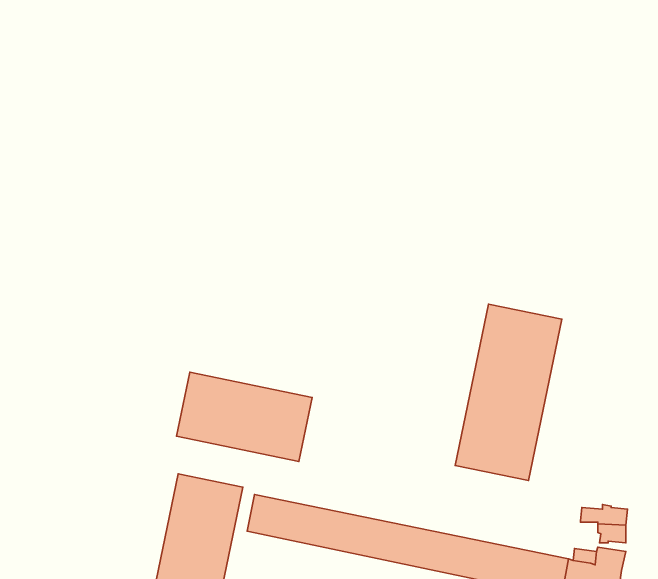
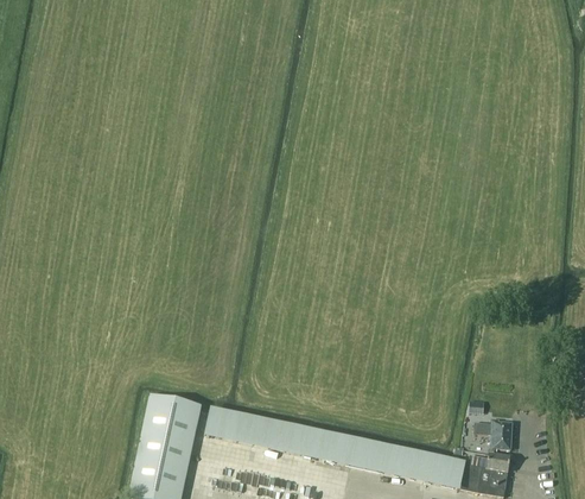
building: [455,304,562,481] -> none
building: [177,372,312,461] -> none

